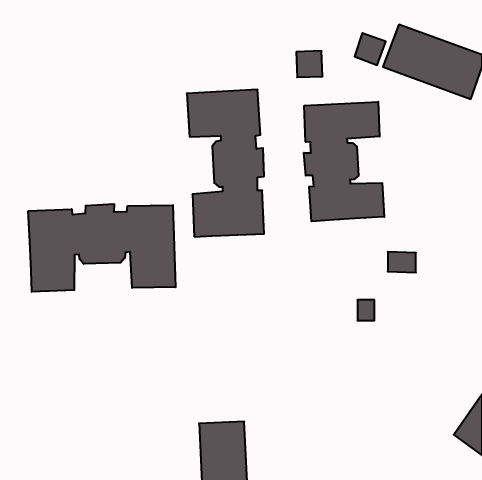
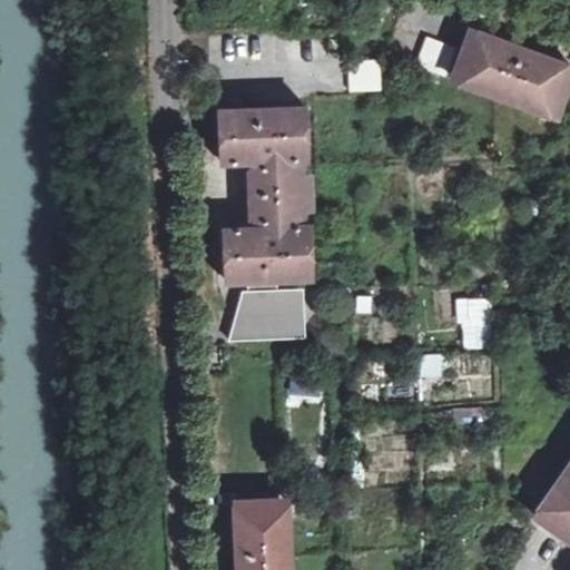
building: [304,102,384,221] -> none
building: [28,204,176,292] -> none
building: none -> [230,279,298,335]

